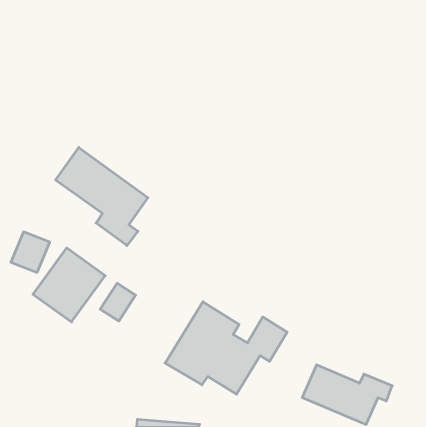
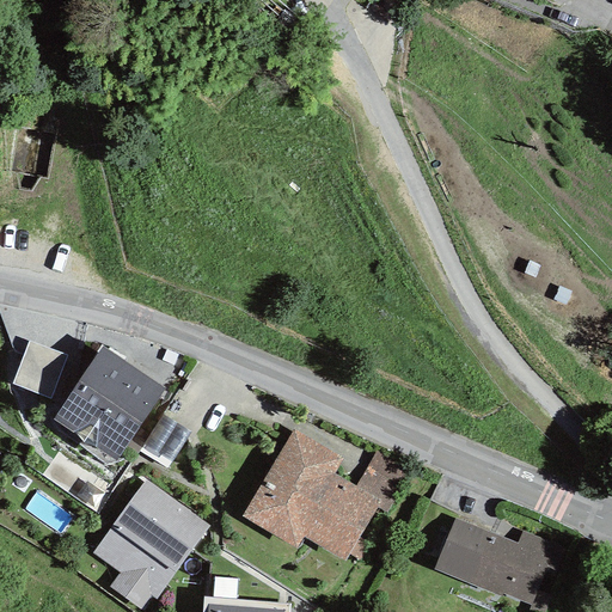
building: [56,147,148,246] -> none
building: none -> [94,483,209,600]

